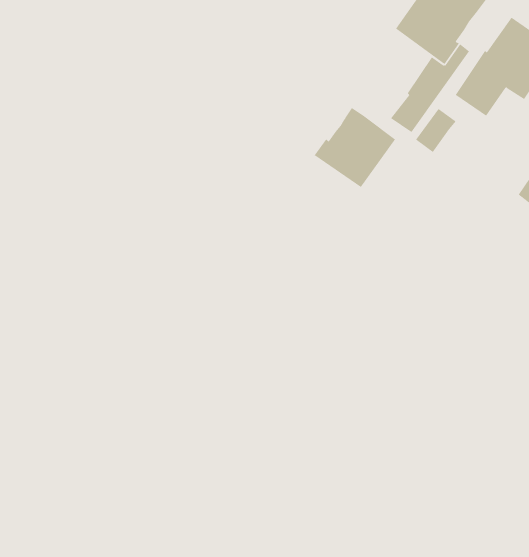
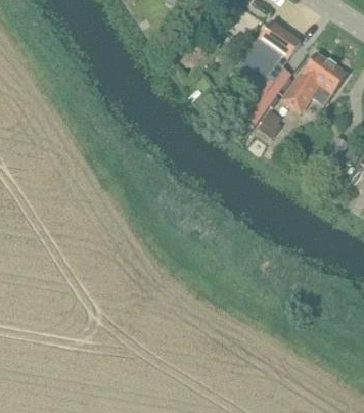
building: [314,107,396,188] -> none

